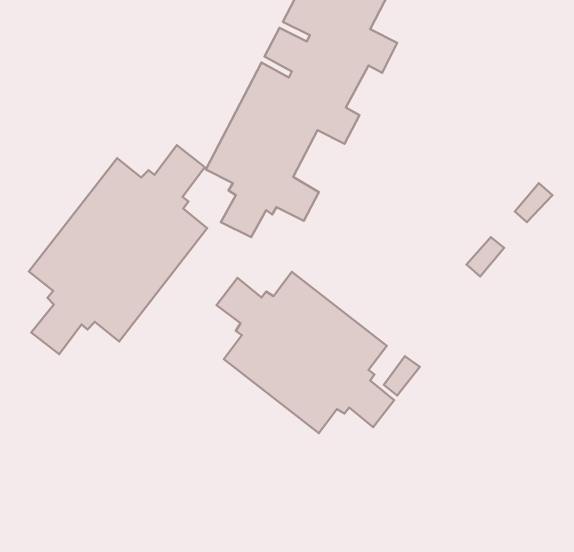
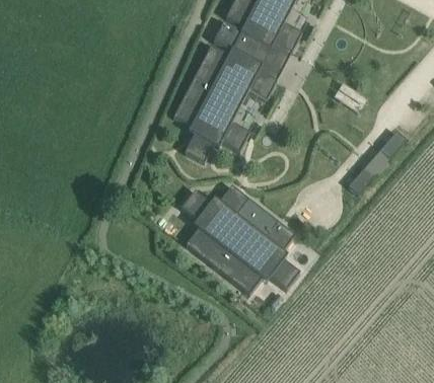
building: [29,145,207,354] -> none

